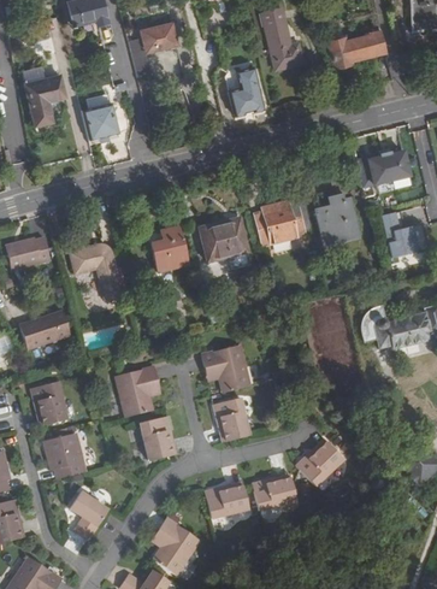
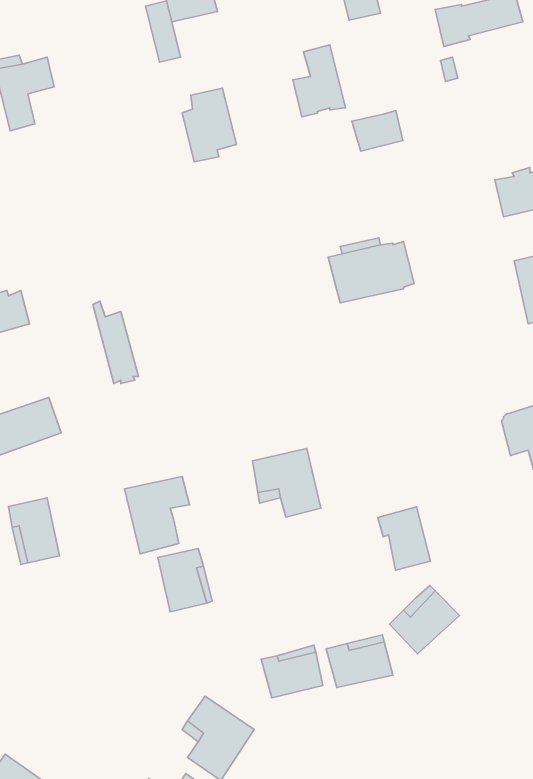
building: [267,43,302,71] -> [352,111,403,151]
building: [81,94,118,145] -> [182,88,236,162]
building: [317,199,358,243] -> none
building: [197,212,249,270] -> none
building: [149,223,187,270] -> none
building: [69,246,106,300] -> none
building: [212,397,248,441] -> [378,507,431,570]
building: [46,430,87,476] -> none
building: [71,489,110,540] -> none

